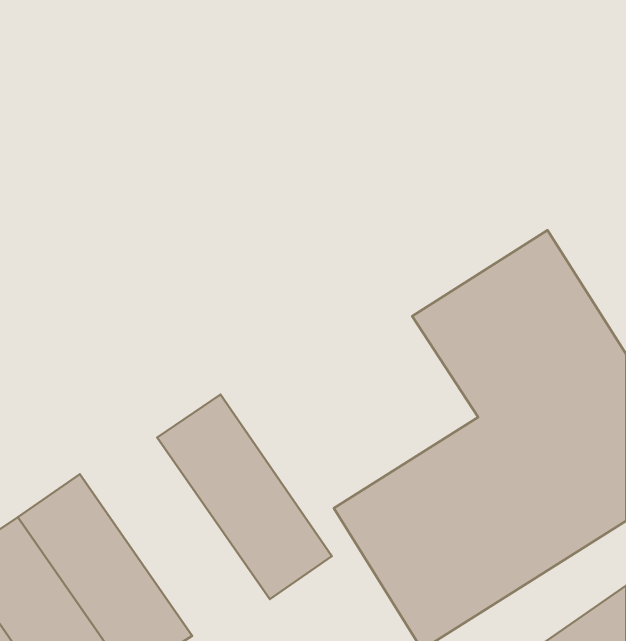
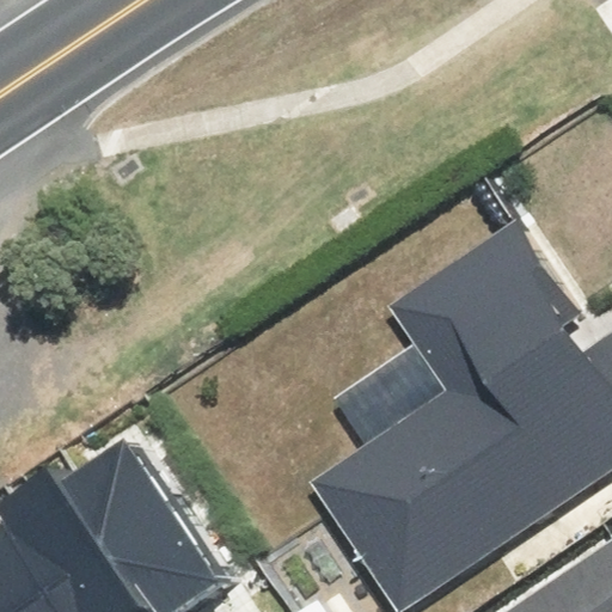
building: [157,394,332,599] -> [75,412,240,606]

